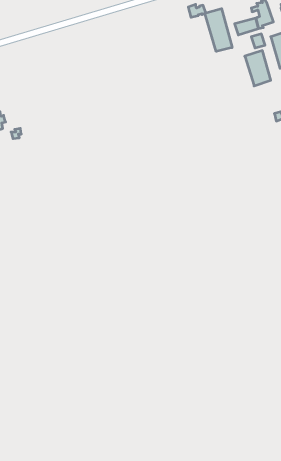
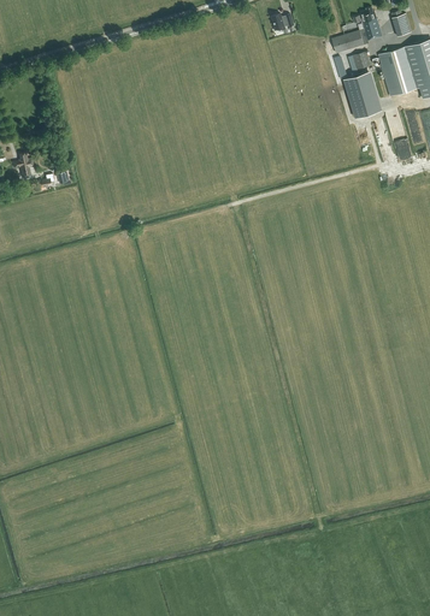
building: [205,9,232,51] -> none

